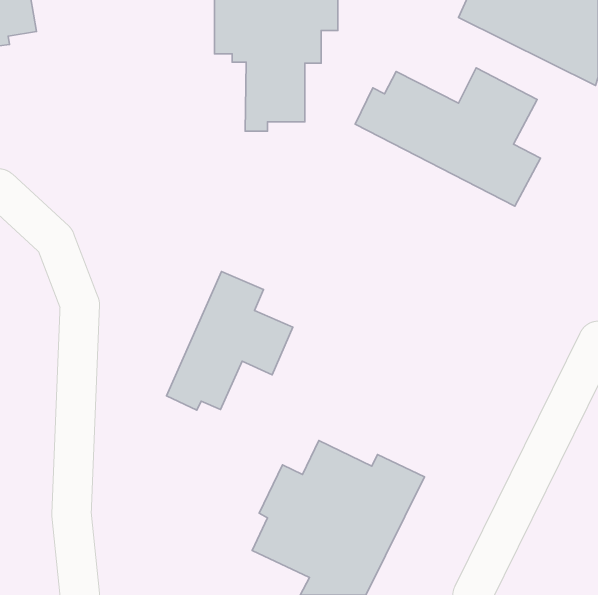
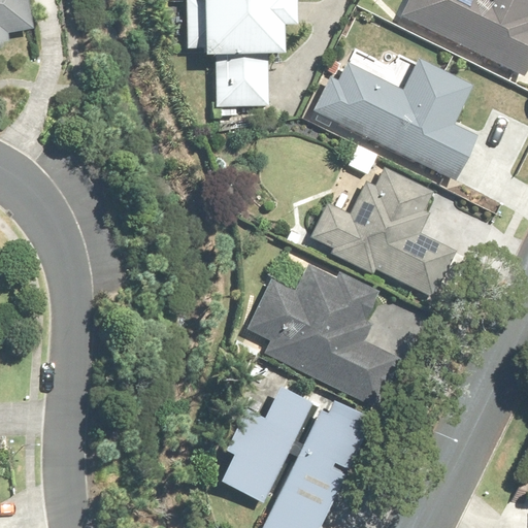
building: none -> [311,168,459,297]
building: [166,271,293,410] -> none
building: none -> [248,267,402,399]

